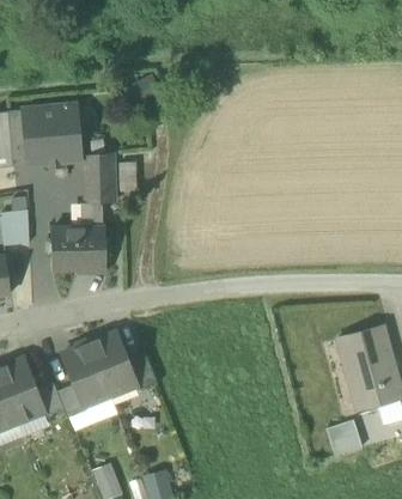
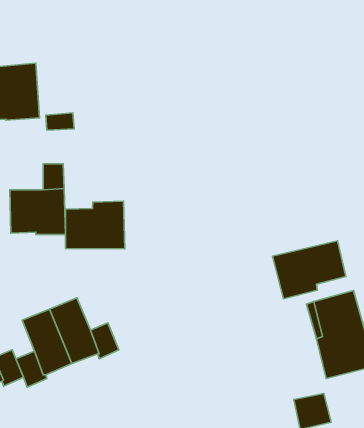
building: [85,169,115,202] -> none
building: none -> [65,201,125,249]
building: none -> [273,241,346,299]

